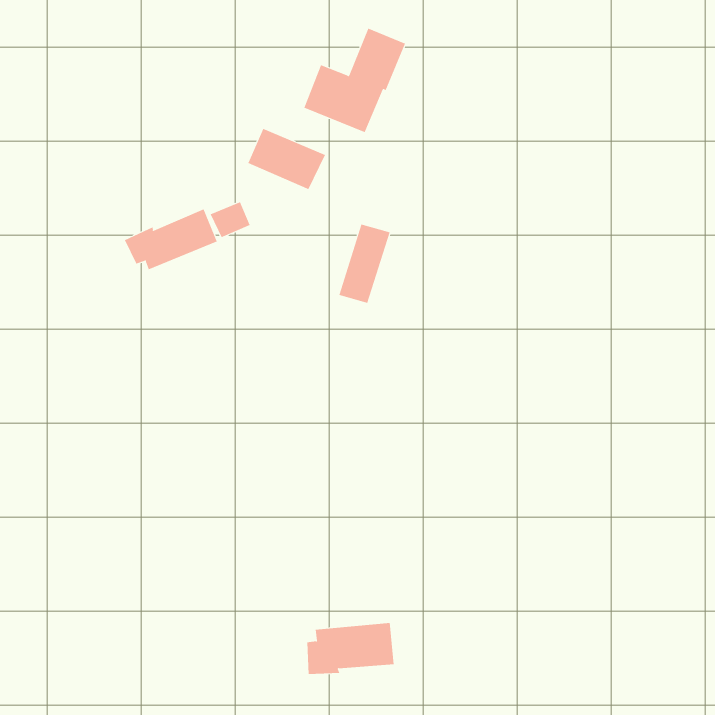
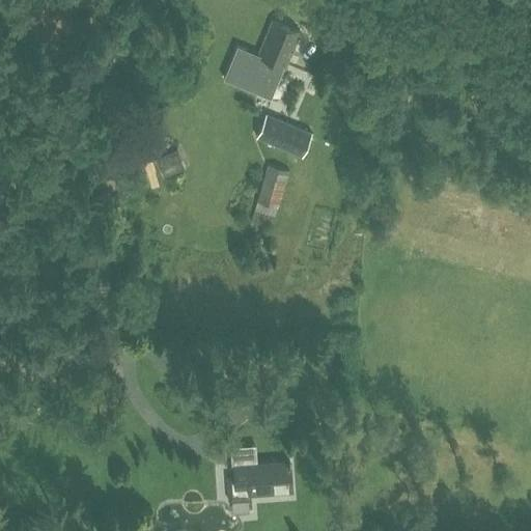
building: [247,128,326,190] -> [255,113,313,159]
building: [124,208,217,270] -> none

